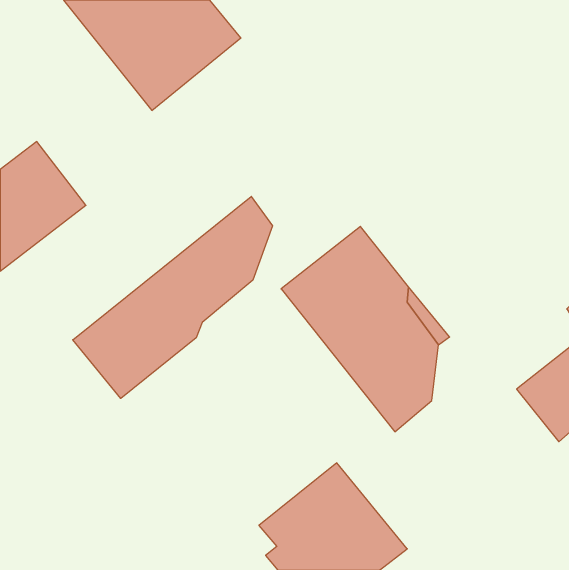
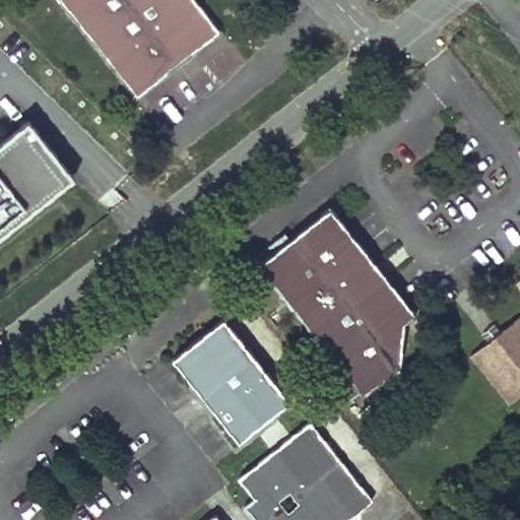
building: [73,196,272,398] -> none
building: none -> [172,318,289,442]

